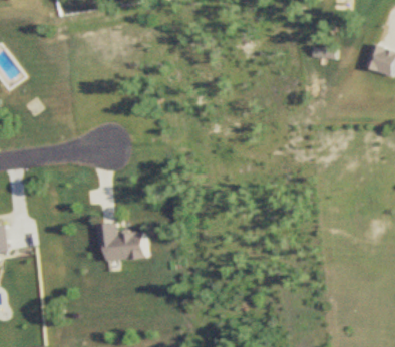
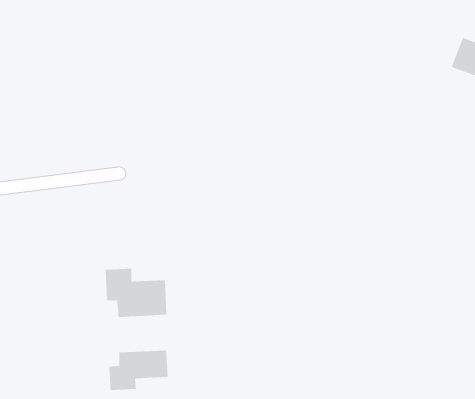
building: none -> [109,350,168,391]

